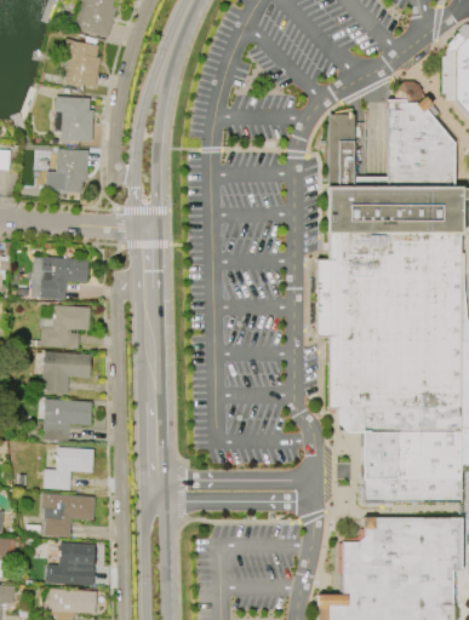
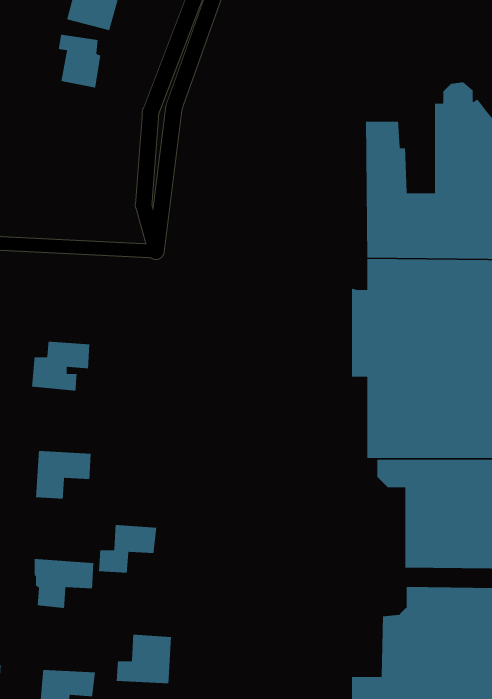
building: [55,96,93,142] -> none
building: [45,149,88,193] -> none
building: [40,257,88,299] -> none
building: [41,351,91,395] -> none
building: [44,447,95,489] -> [98,524,157,573]
building: [46,541,95,585] -> [116,634,172,684]

